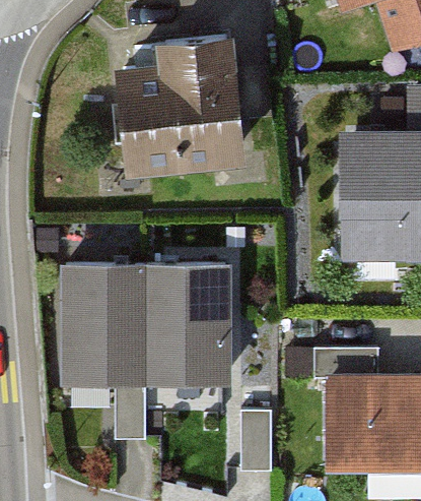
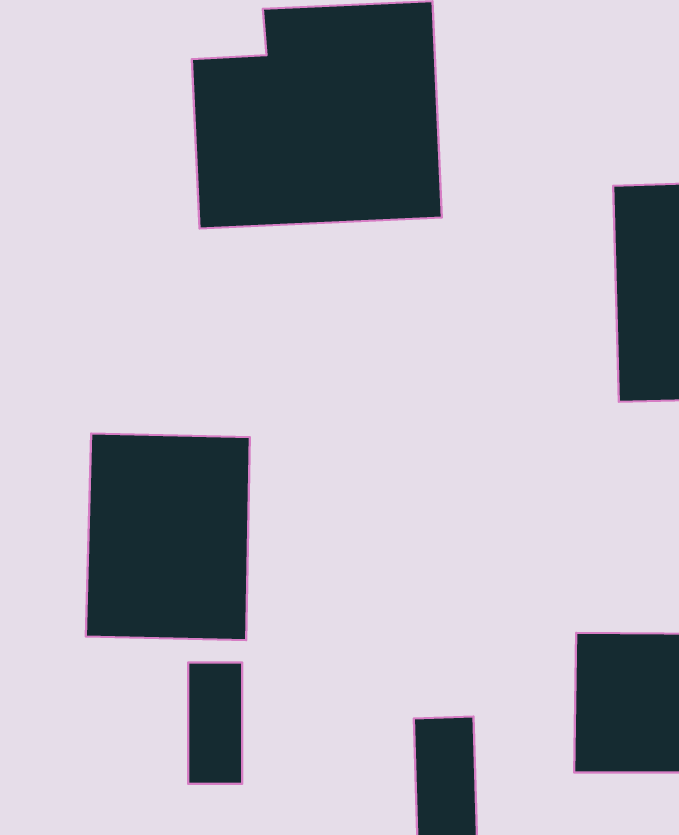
building: [144,261,232,374] -> none

